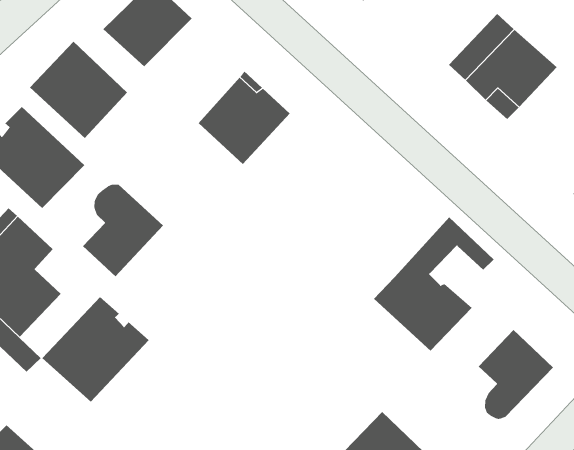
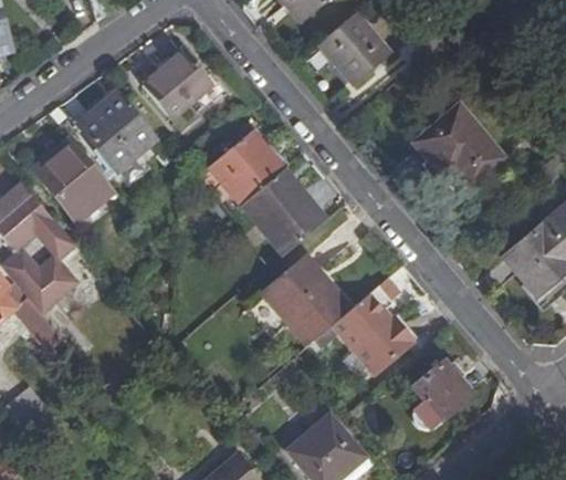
building: none -> [241,167,327,254]
building: [82,184,164,277] -> none
building: none -> [262,254,352,344]
building: [42,296,150,402] -> none

